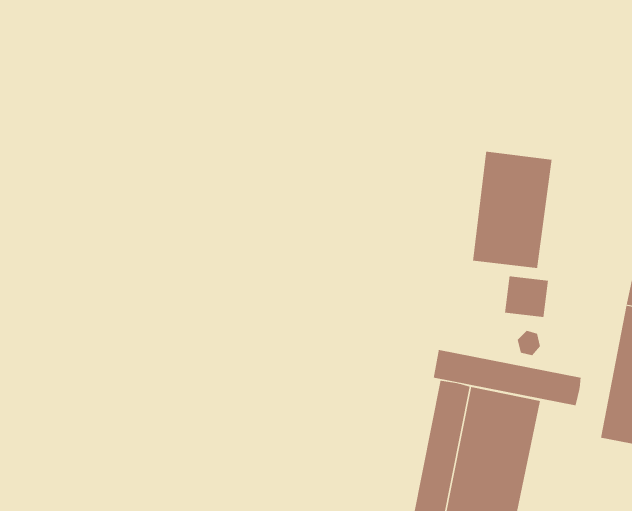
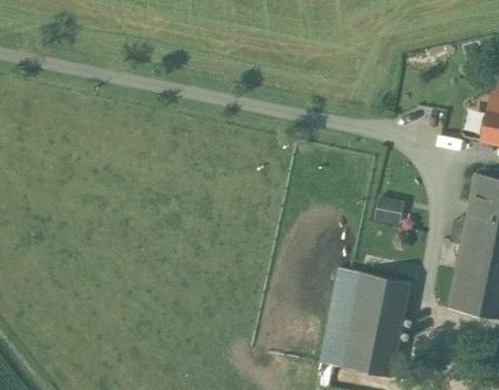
building: [473,151,552,269] -> none
building: [433,349,581,406] -> none

